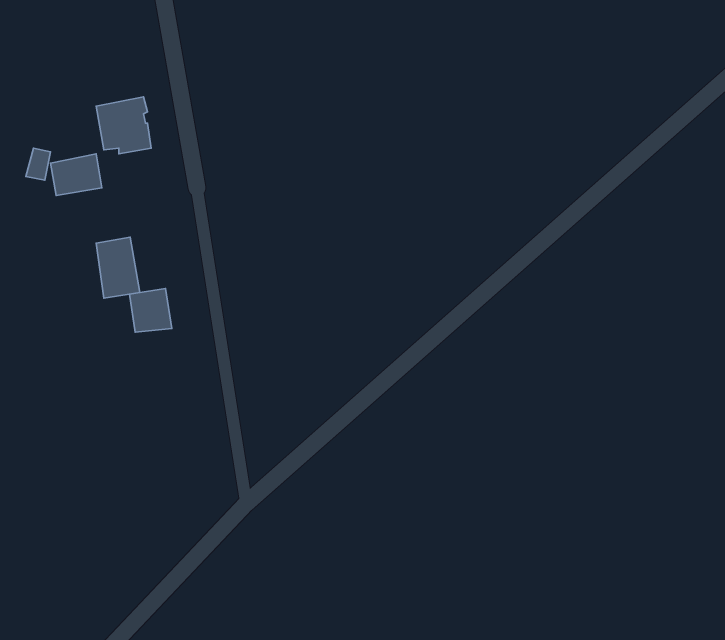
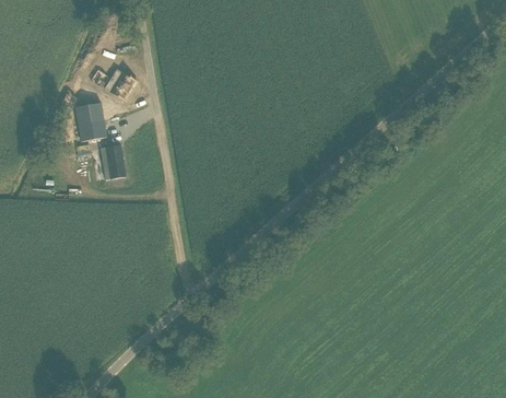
building: none -> [75,117,105,140]
building: [130,288,172,332] -> none

